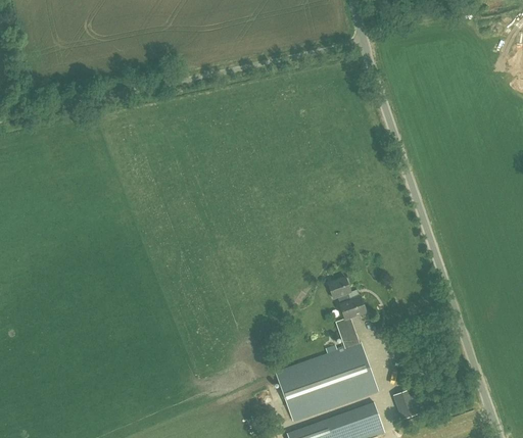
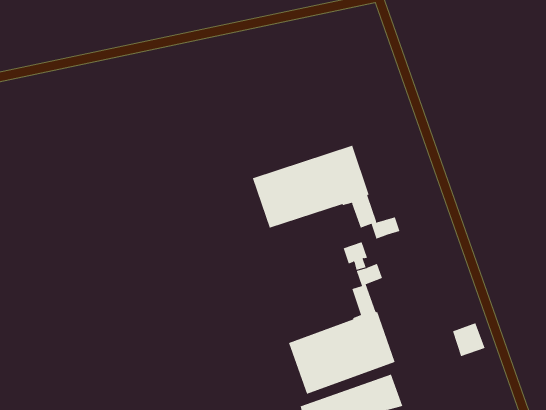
building: none -> [252,145,400,239]
building: [392,386,424,419] -> [452,322,485,357]

